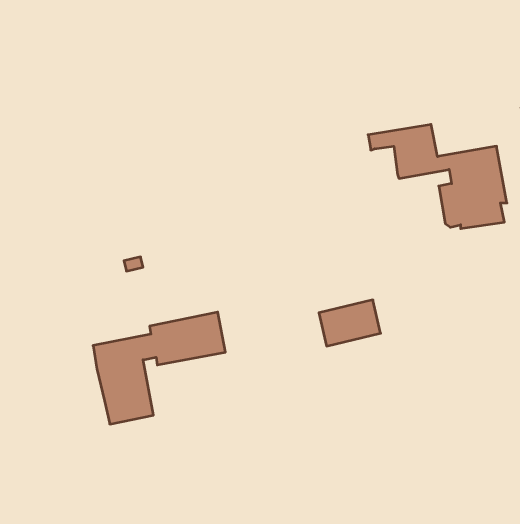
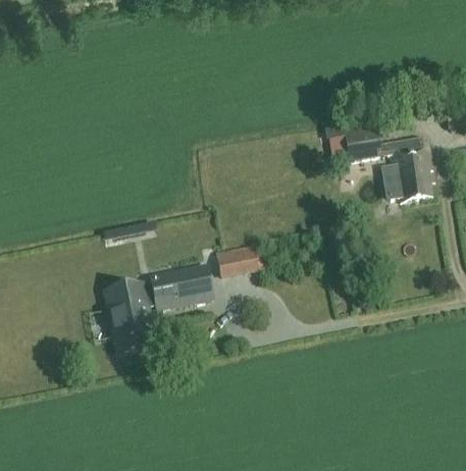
building: [319,300,381,346] -> [219,241,268,277]

